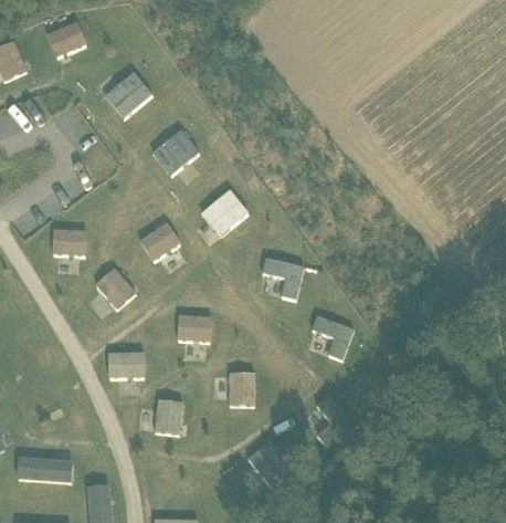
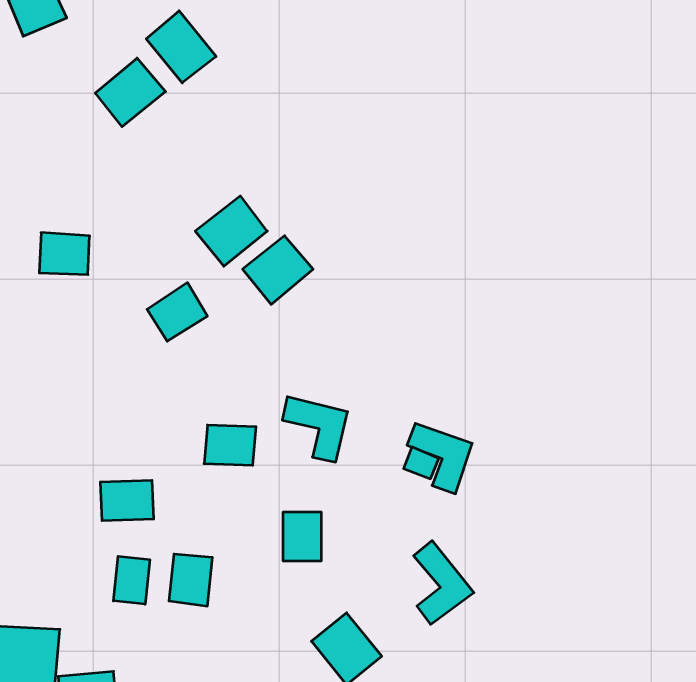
building: none -> [146,11,216,83]
building: [150,129,198,176] -> [195,196,267,266]
building: [52,228,85,255] -> [39,233,90,275]
building: [260,257,303,300] -> [282,397,348,462]
building: [95,269,135,310] -> none
building: none -> [113,556,150,604]

